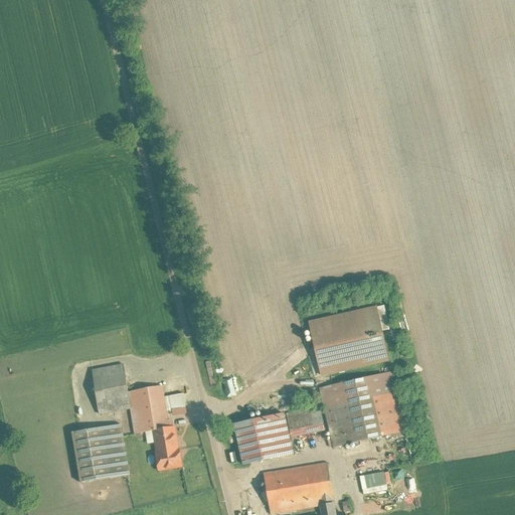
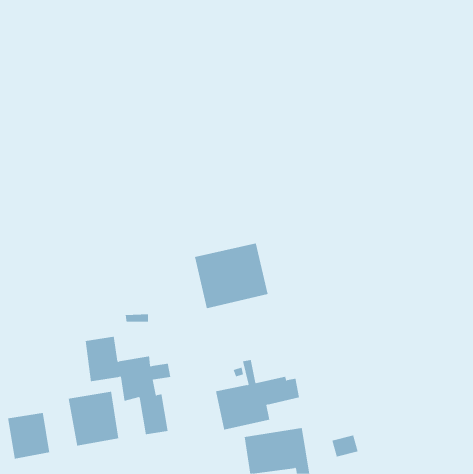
building: [308,305,388,376] -> [194,243,269,309]
building: [319,370,404,446] -> none
building: none -> [7,412,50,460]

